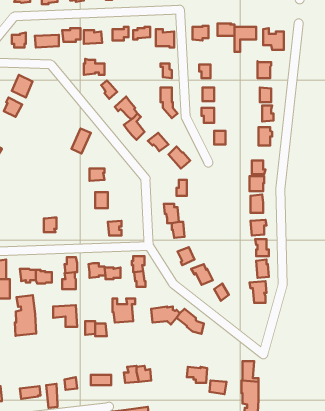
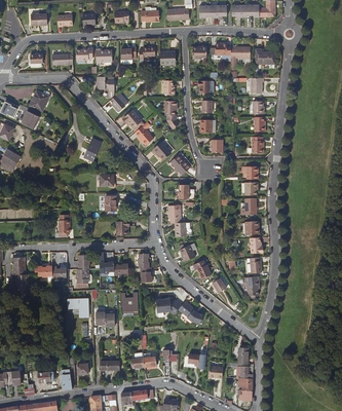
building: [15,295,36,336] -> none

